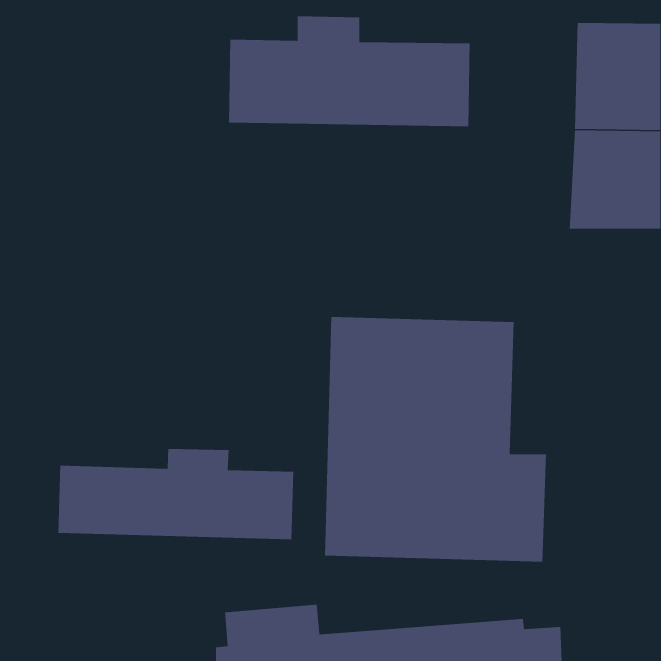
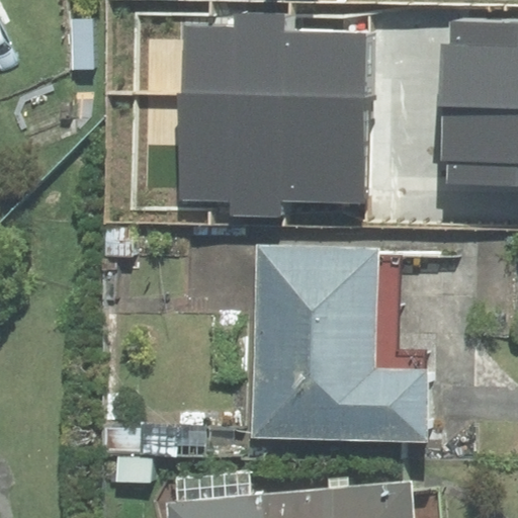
building: none -> [176,97,366,218]
building: [57,448,294,540] -> none

